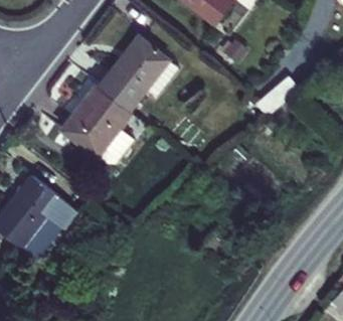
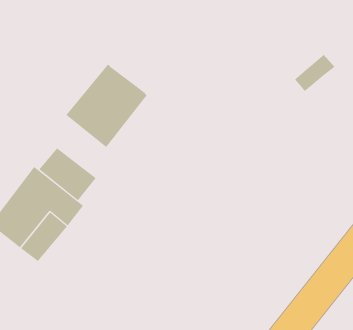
building: [100,34,178,109] -> none
building: none -> [38,147,97,201]

